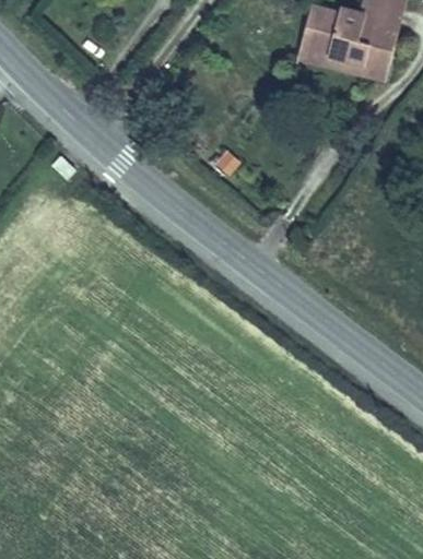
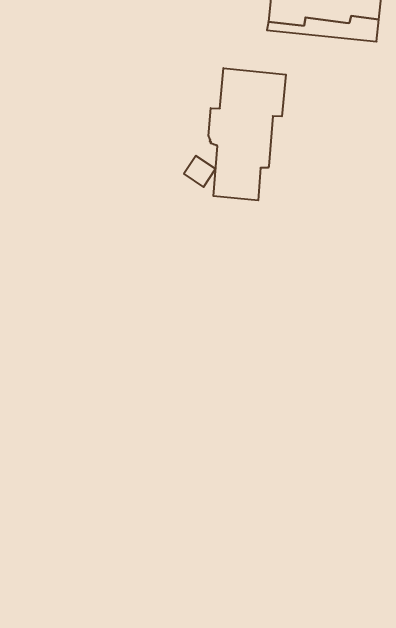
building: none -> [209,68,286,200]

